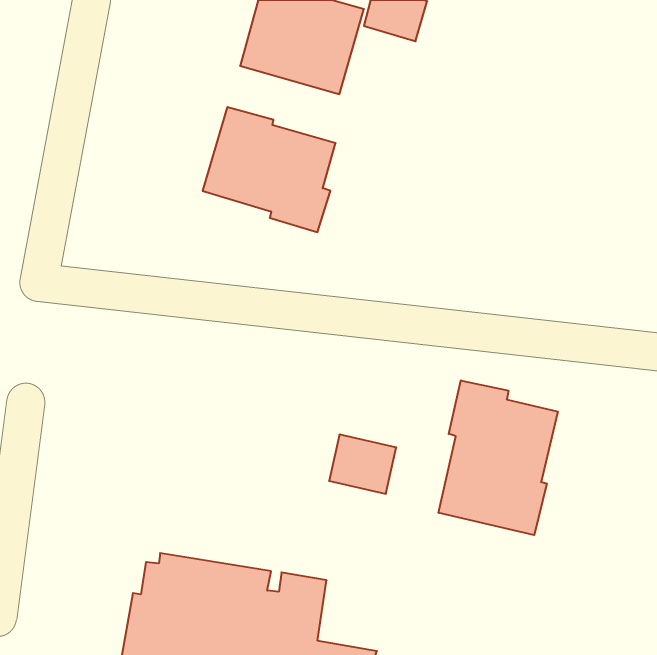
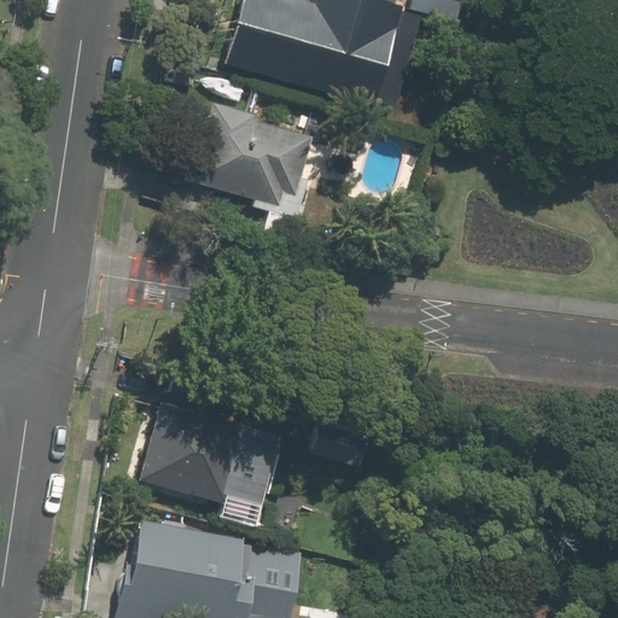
building: [439,380,558,535] -> none
building: none -> [139,401,284,507]

